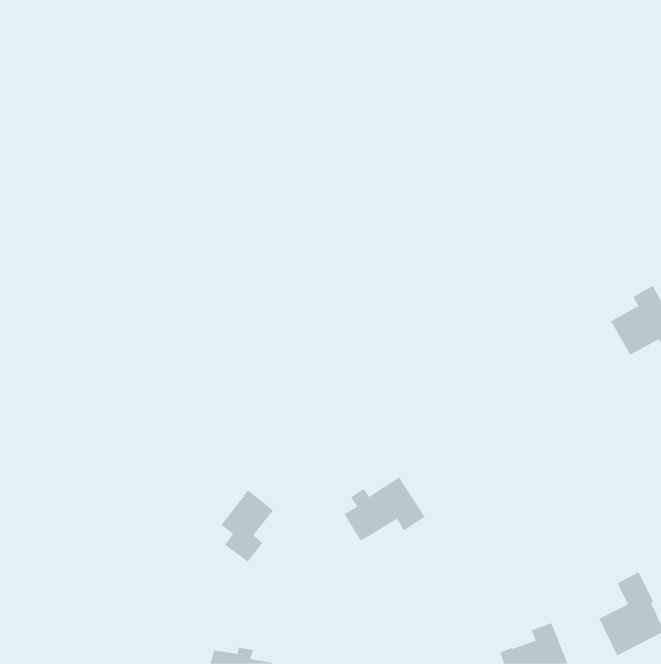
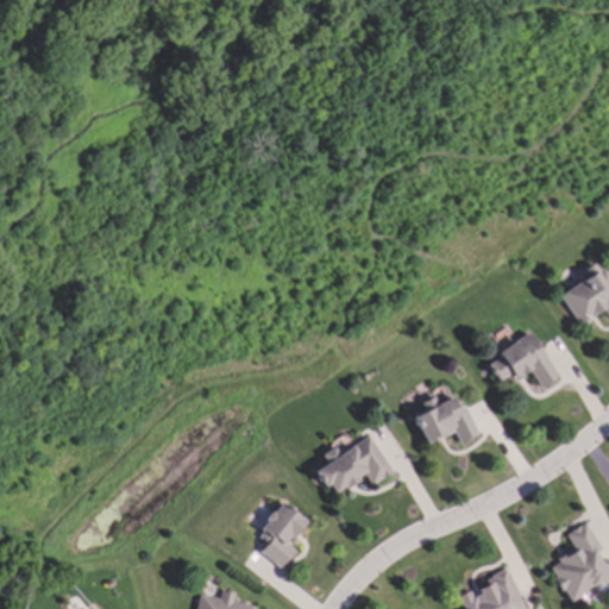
building: none -> [488,333,560,388]
building: none -> [415,396,478,444]
building: [220,490,274,563] -> [257,502,306,569]

